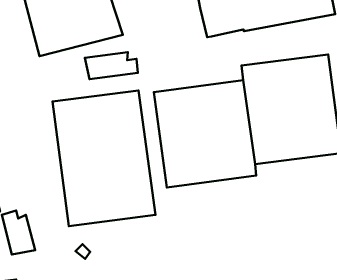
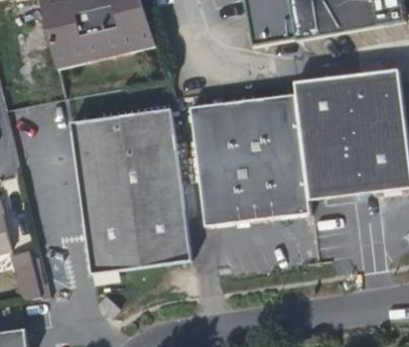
building: [85,52,138,79] -> none

